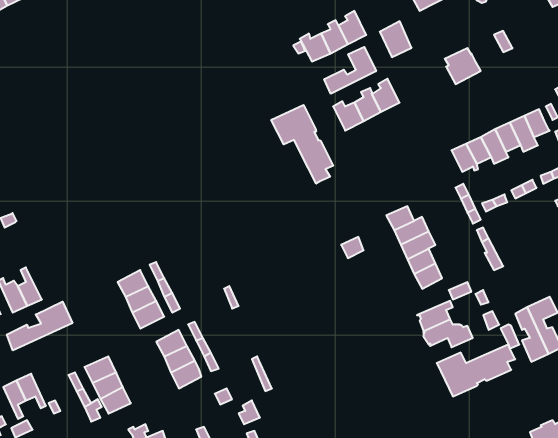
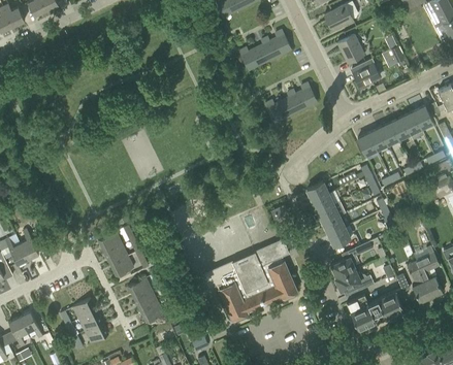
building: [380,21,412,57] -> [338,34,363,62]
building: [324,47,376,94] -> none
building: [271,105,333,184] -> none
building: none -> [204,237,297,319]
building: [7,302,72,350] -> none

